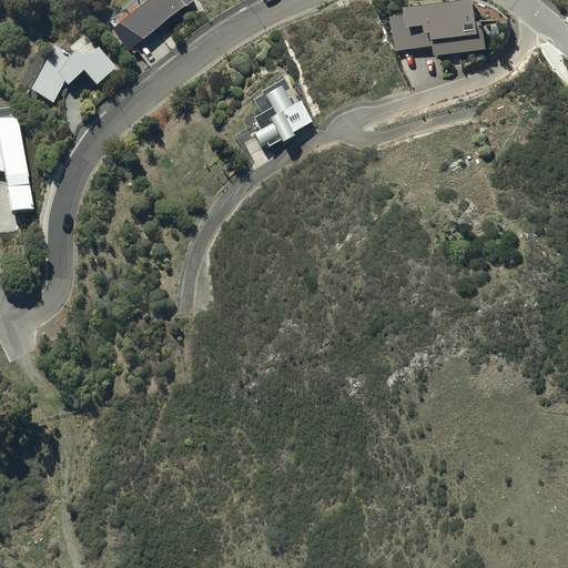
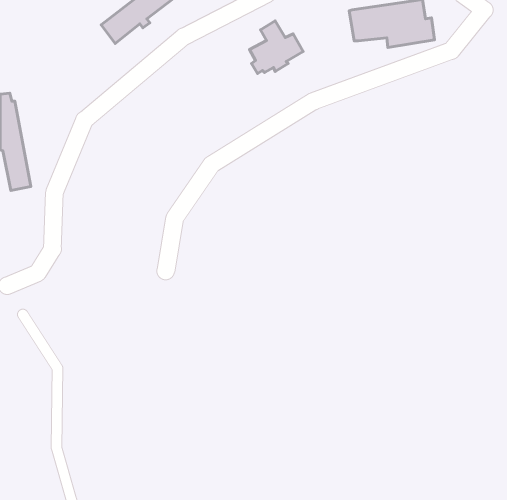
building: [26,45,116,105] -> none
building: [251,85,311,144] -> [250,21,303,73]

